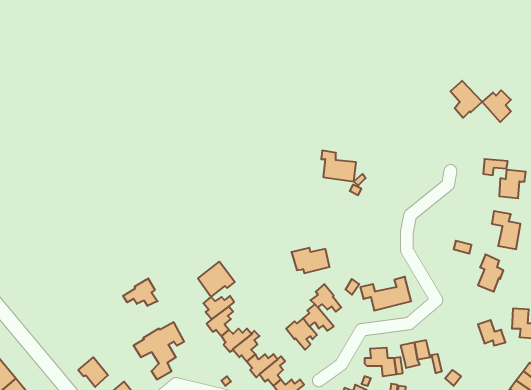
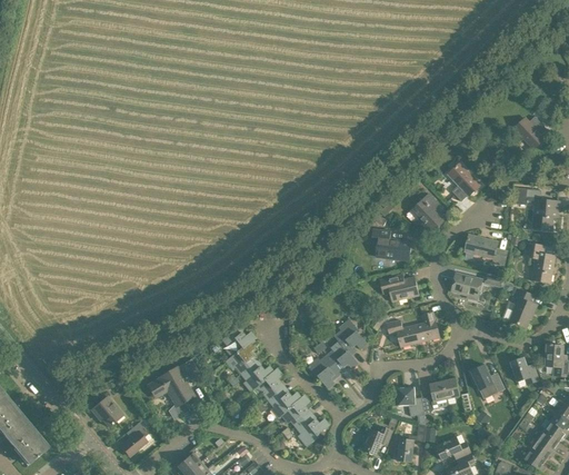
building: [450,81,482,118] -> [448,162,481,201]
building: [321,151,356,181] -> [375,228,411,260]
building: none -> [412,194,443,232]
building: none -> [465,234,508,265]
building: none -> [451,273,482,297]
building: [291,248,330,273] -> [379,275,419,301]
building: [198,262,235,297] -> none
building: [123,278,158,306] -> none
building: none -> [471,364,505,398]

